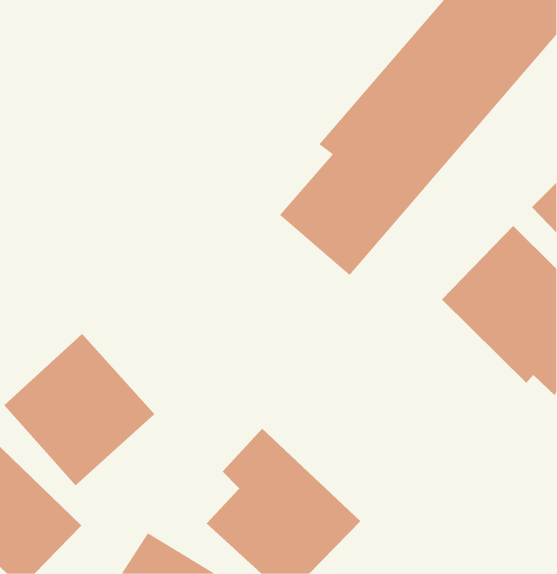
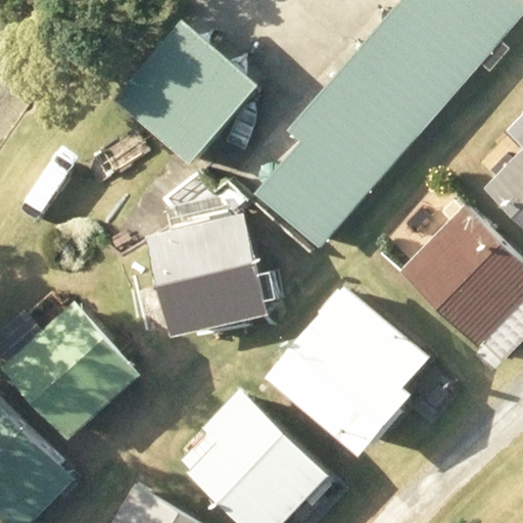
building: none -> [117,22,259,165]
building: none -> [146,212,268,338]
building: none -> [270,287,409,457]

